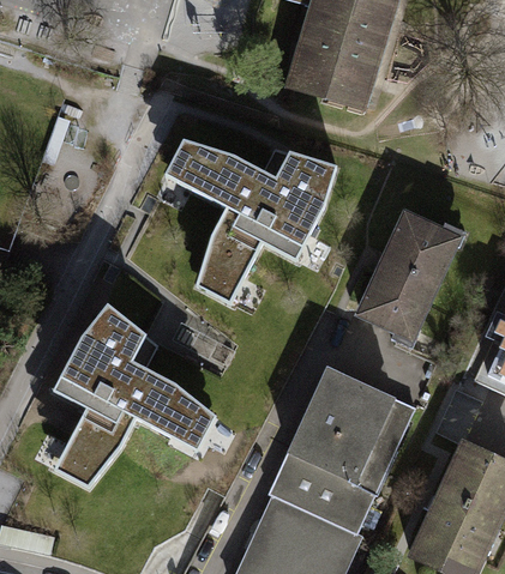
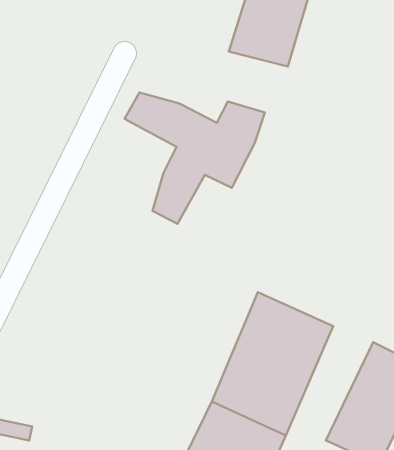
building: [350,209,461,344] -> none
building: [53,303,210,479] -> none

